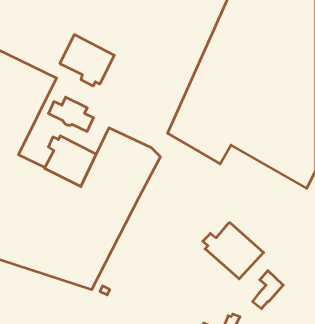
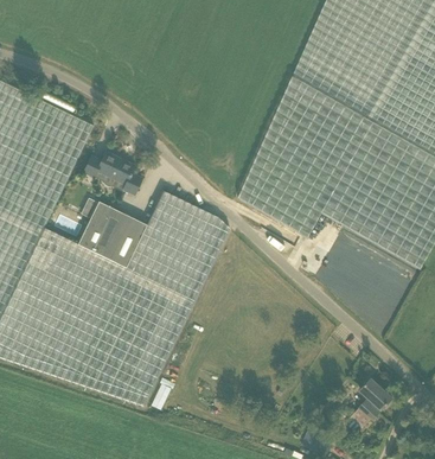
building: [60,35,114,86] -> none
building: [203,223,264,279] -> none

